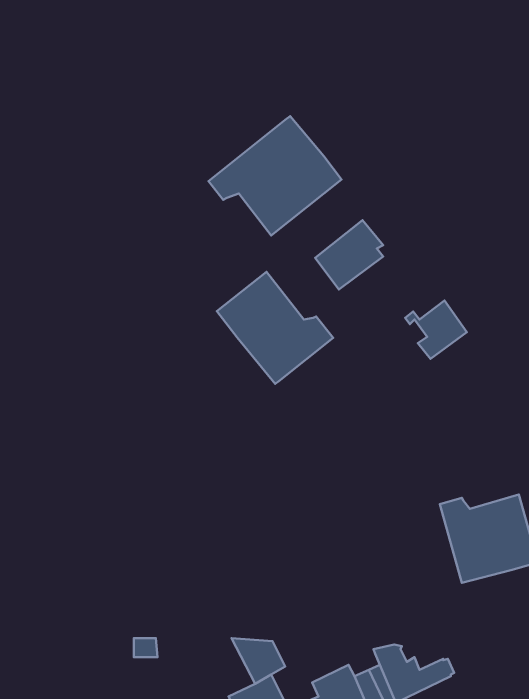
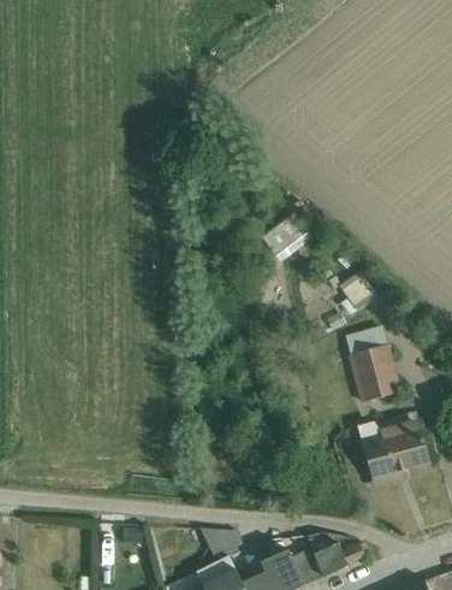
building: [208,116,342,235] -> none
building: [217,272,333,384] -> none
building: none -> [345,326,402,403]

